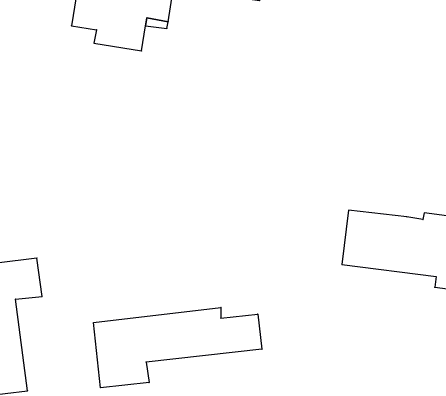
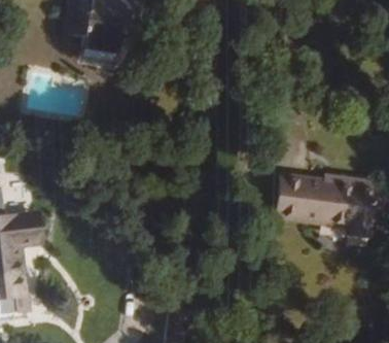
building: [94,307,262,388] -> none

